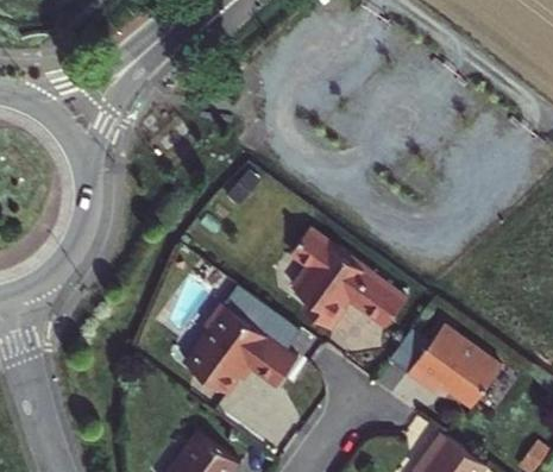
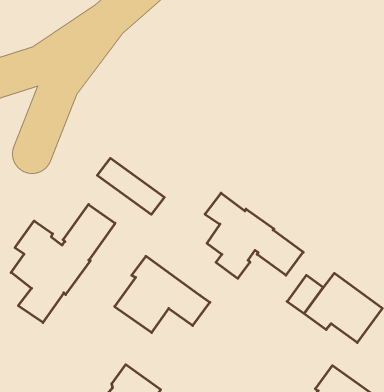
building: none -> [11,204,115,323]
building: [220,284,300,351] -> [97,158,164,214]

